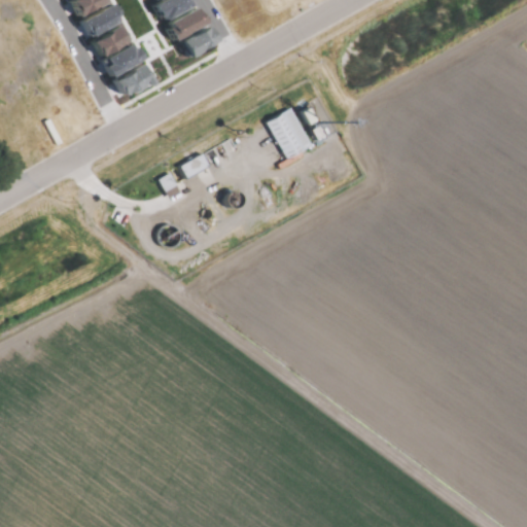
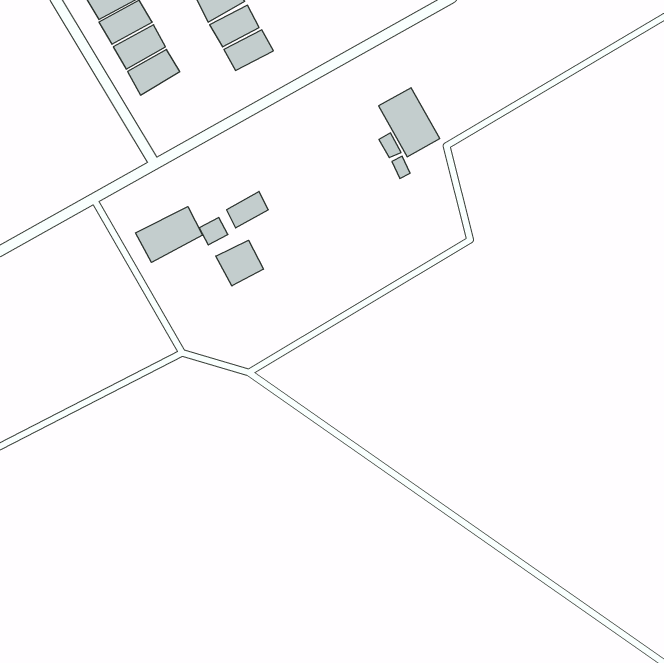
building: [111,59,152,94] -> none
building: [266,107,314,162] -> [379,88,440,157]
building: none -> [136,207,202,262]
building: none -> [216,240,263,286]

